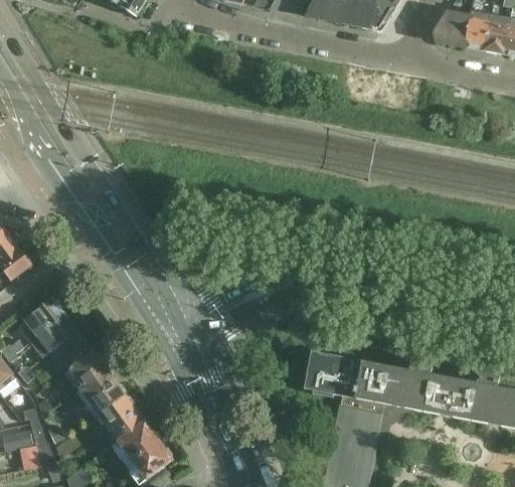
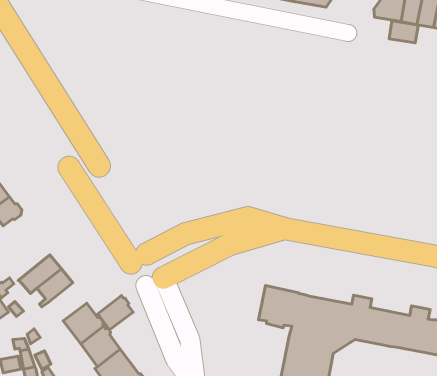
building: none -> [389,21,419,43]
building: [21,296,63,341] -> none
building: [65,348,106,387] -> [98,295,133,330]

